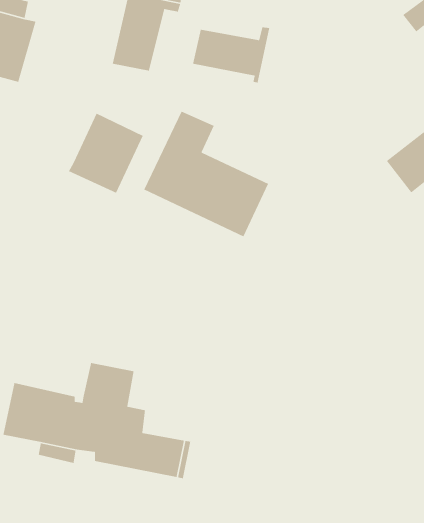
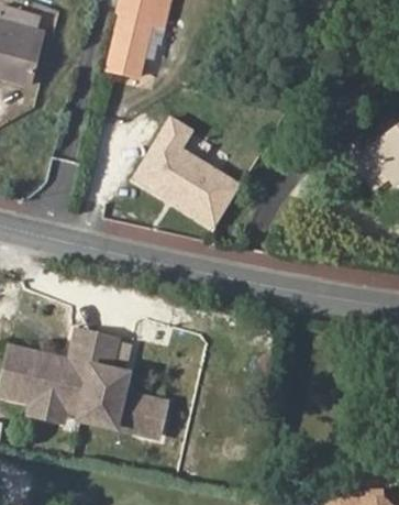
building: [192,26,270,84] -> none
building: [68,113,144,194] -> none

